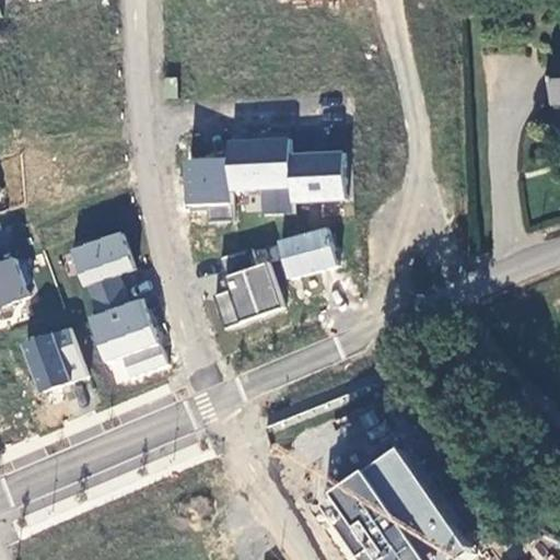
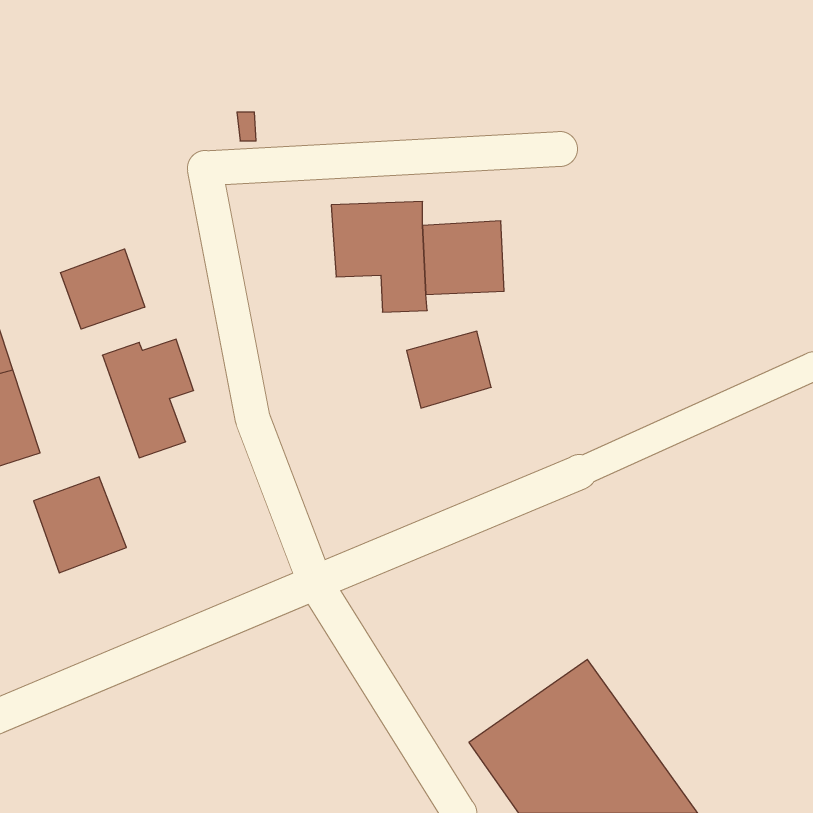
building: [186,158,232,222] -> none
building: none -> [61,249,145,329]
building: [211,247,282,327] -> none
building: [89,296,165,376] -> none

